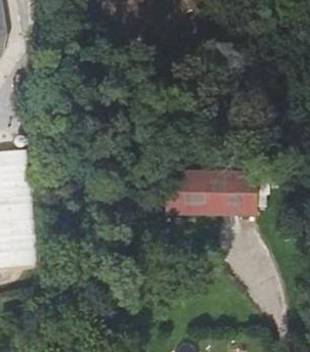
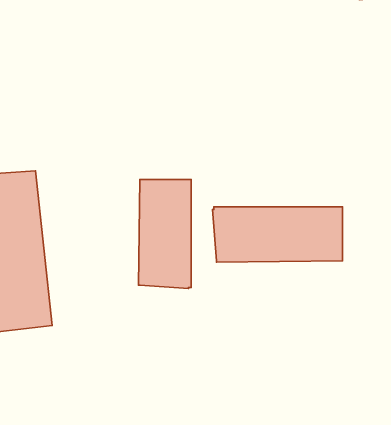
building: none -> [138,179,191,289]

